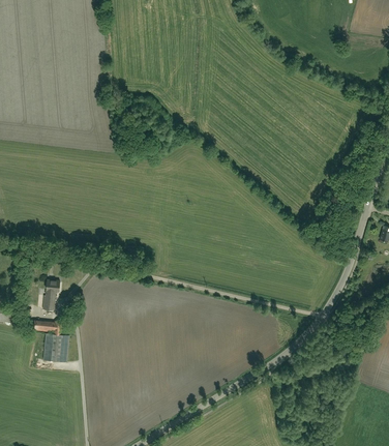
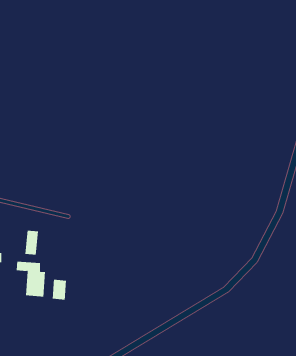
building: none -> [52,279,67,300]

